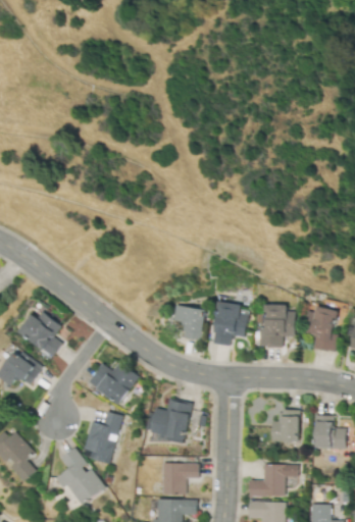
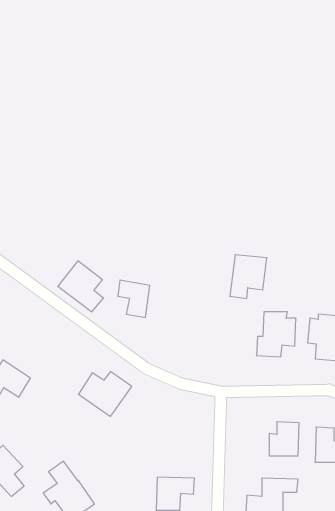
building: [212,304,248,346] -> [230,255,267,298]
building: [174,305,205,341] -> [118,280,150,317]
building: [18,308,62,357] -> [58,261,104,312]
building: [149,400,191,445] -> none
building: [82,412,120,464] -> none

